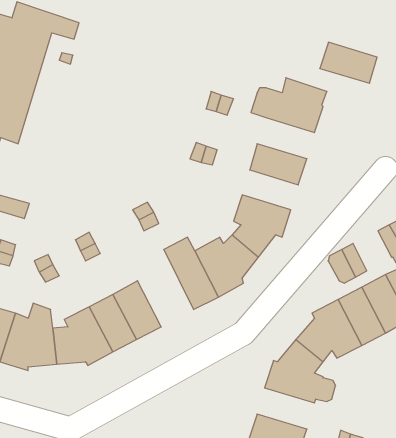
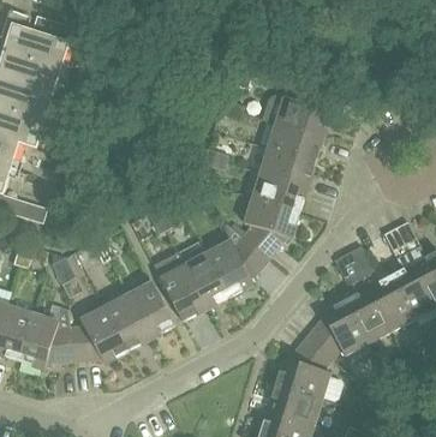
building: [320,42,377,83] -> [267,124,322,163]
building: none -> [252,174,306,212]
building: none -> [151,251,205,321]
building: none -> [267,384,322,424]

